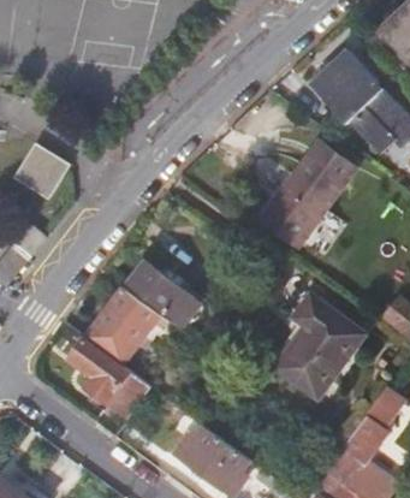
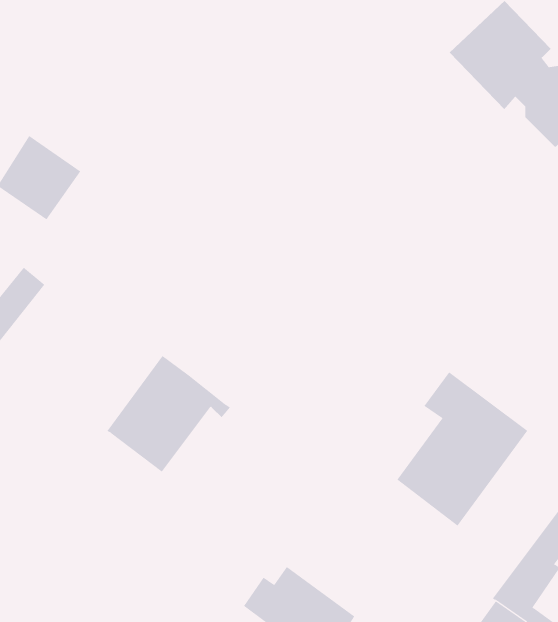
building: [263,147,355,247] -> none
building: [125,260,196,324] -> none
building: [67,338,148,420] -> none

